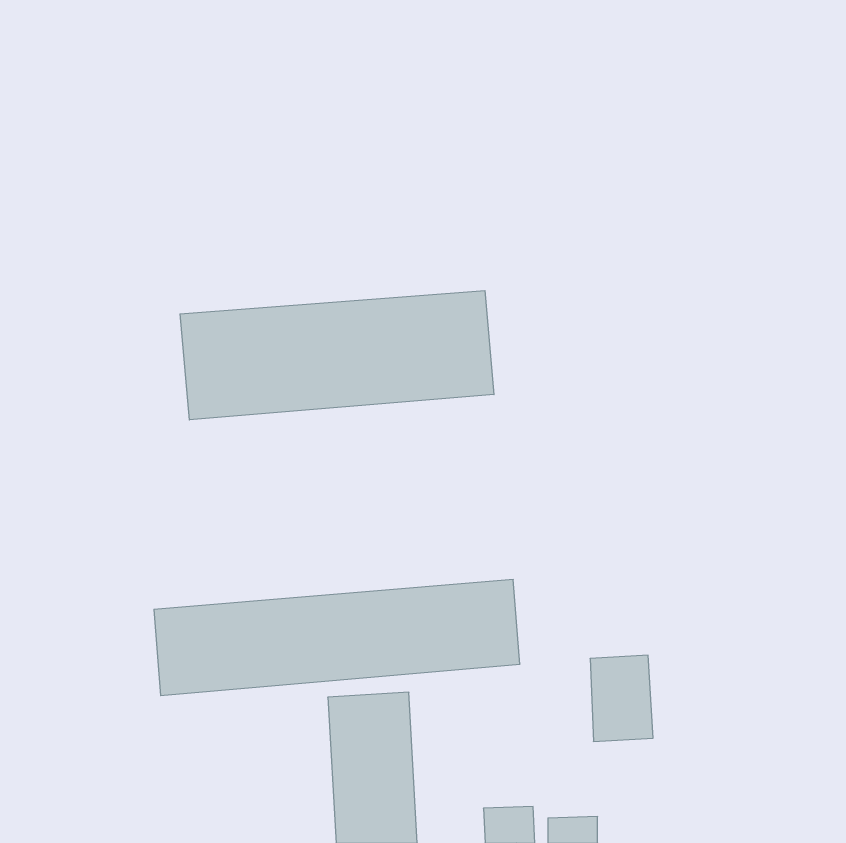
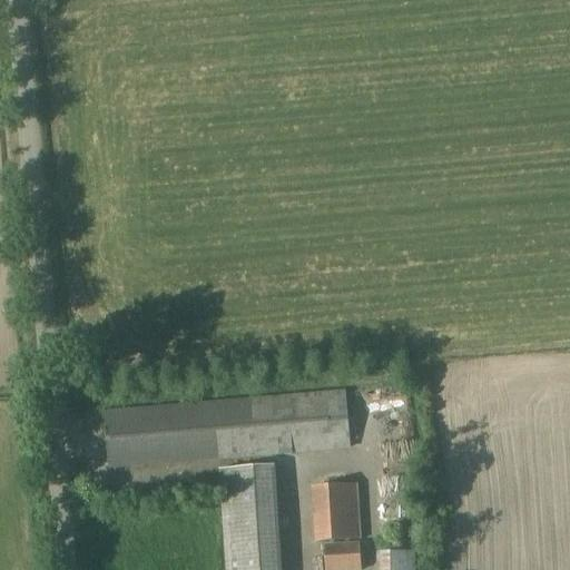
building: [180,291,494,420] -> none
building: [590,655,653,741] -> [314,482,356,540]

